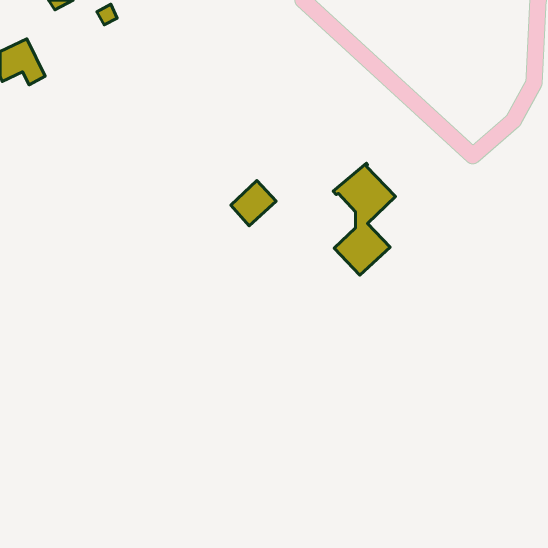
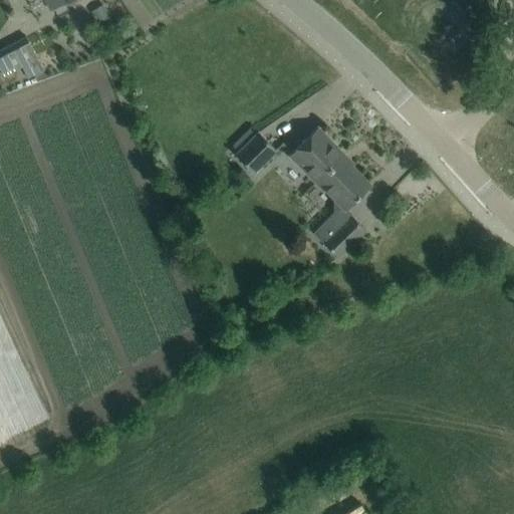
building: none -> [289,127,343,180]
building: [231,181,276,226] -> [236,132,278,174]

